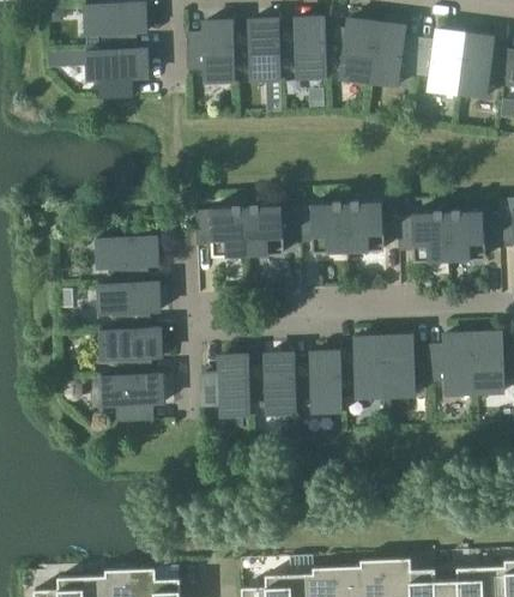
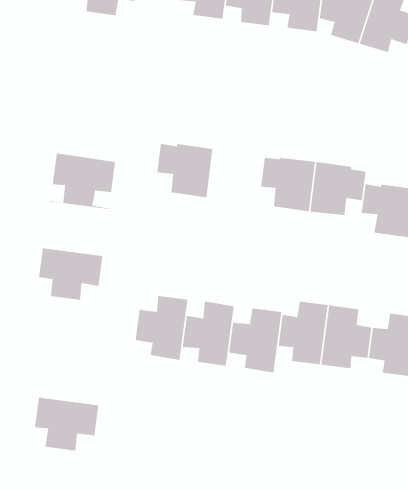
building: [247,205,298,255] -> none
building: [98,283,159,331] -> none
building: [102,374,163,423] -> [34,397,99,451]

